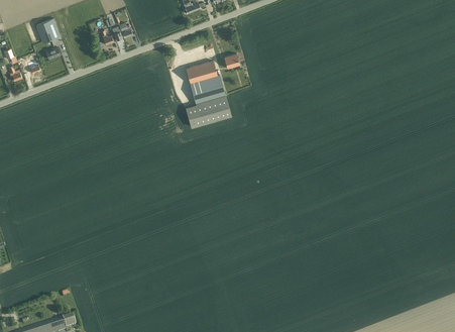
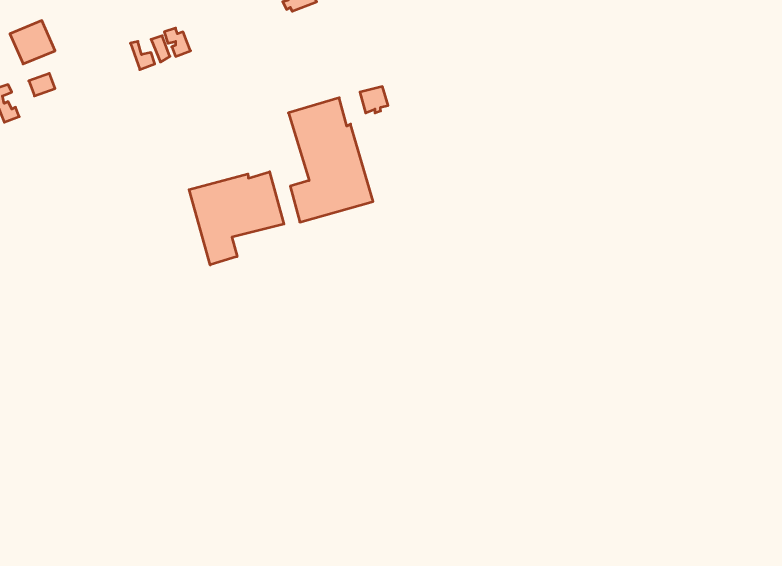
building: none -> [189,172,284,265]

